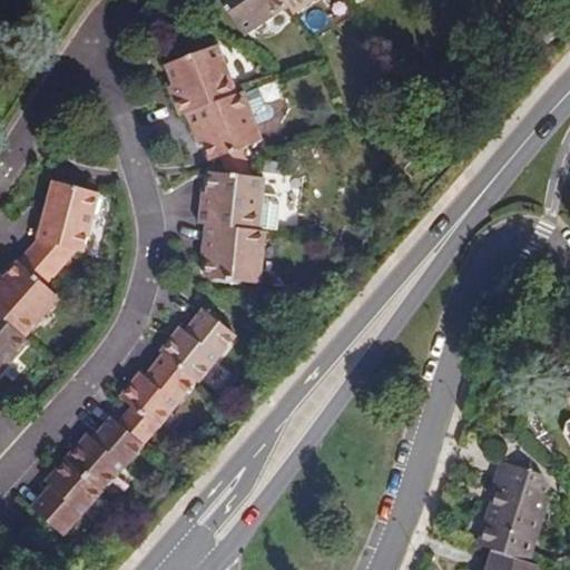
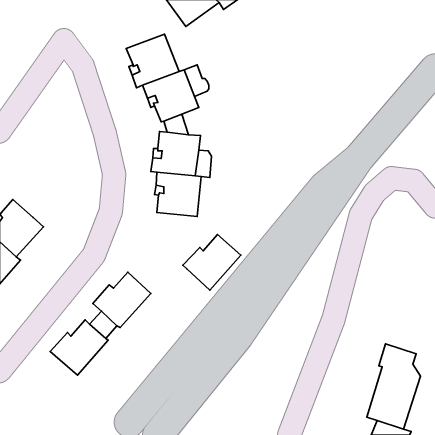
building: [17,181,95,284] -> none
building: [161,311,237,383] -> [183,235,241,290]
building: [30,459,101,535] -> none

